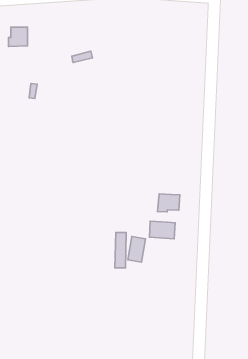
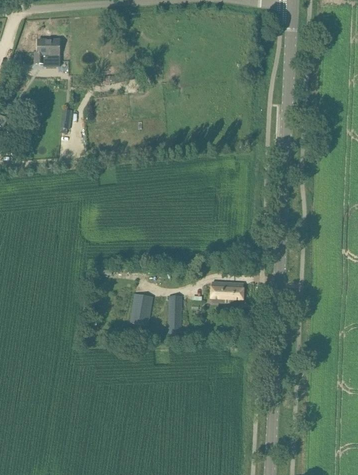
building: [158,194,180,212] -> none
building: [128,237,145,262] -> [130,293,152,325]

